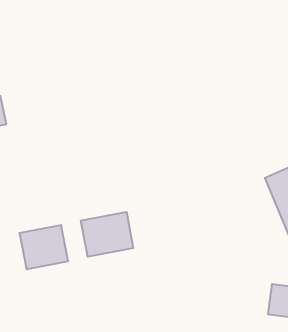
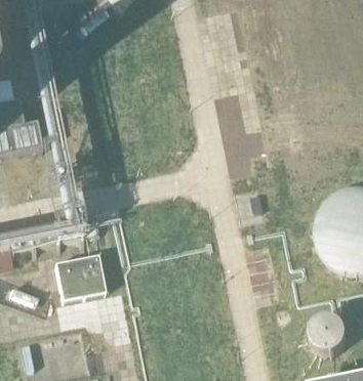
building: [81,212,133,257] -> none

